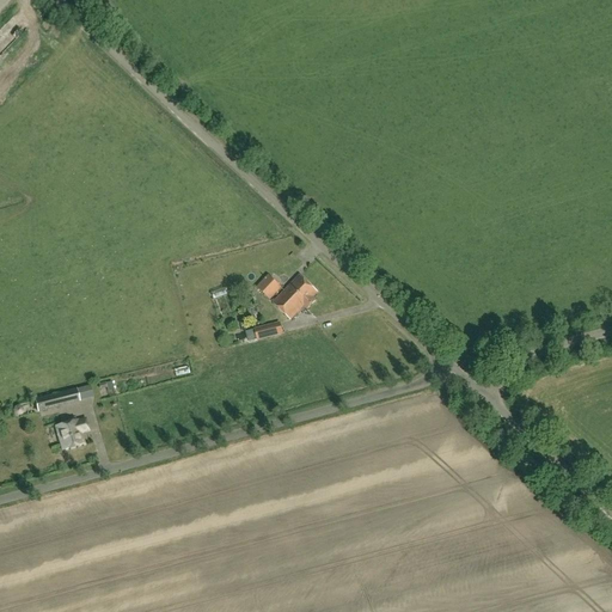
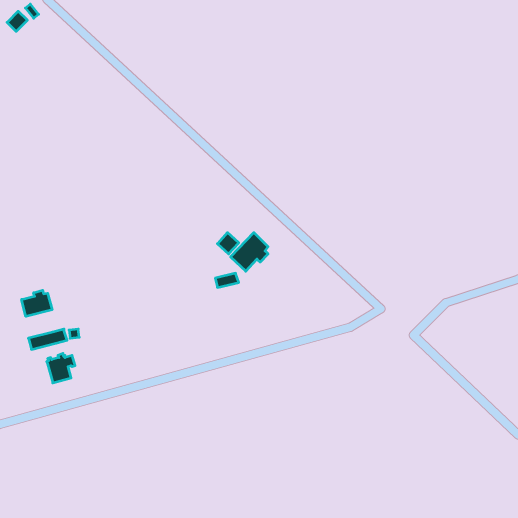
building: none -> [22,290,52,316]

